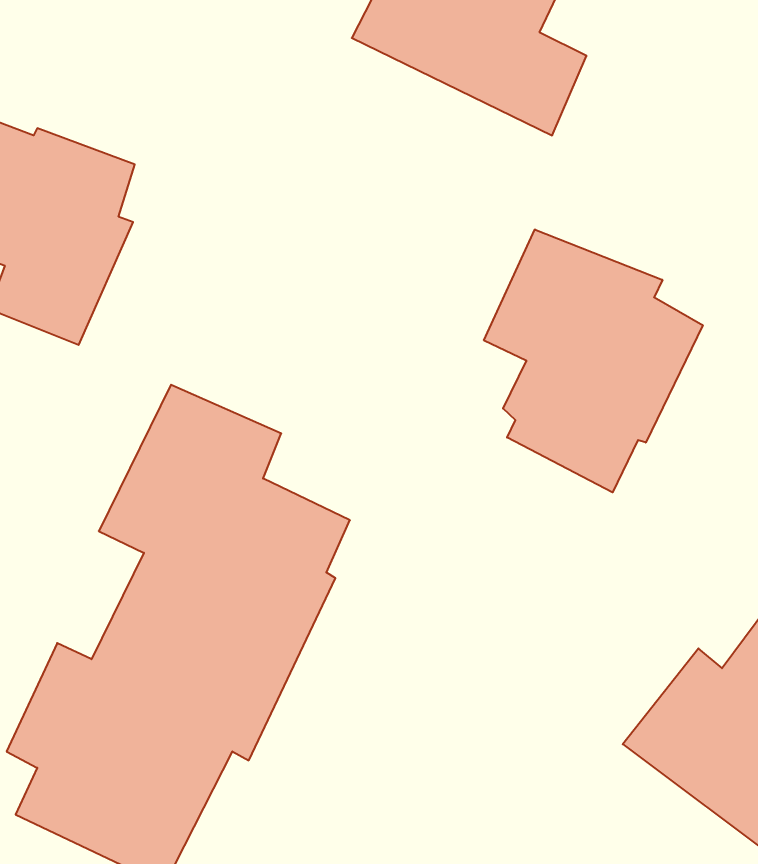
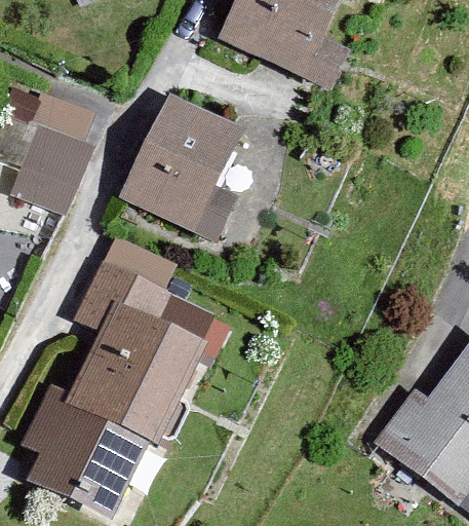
building: none -> [121,93,244,243]
building: [484,229,703,492] -> none

